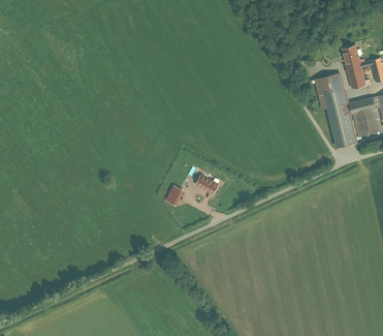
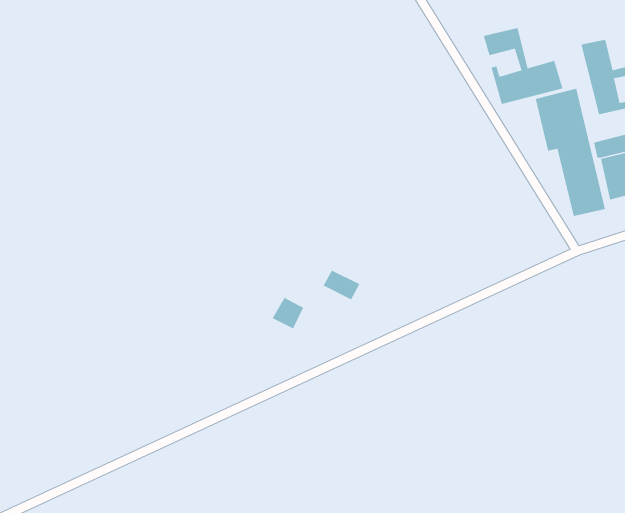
building: none -> [483,27,563,105]

